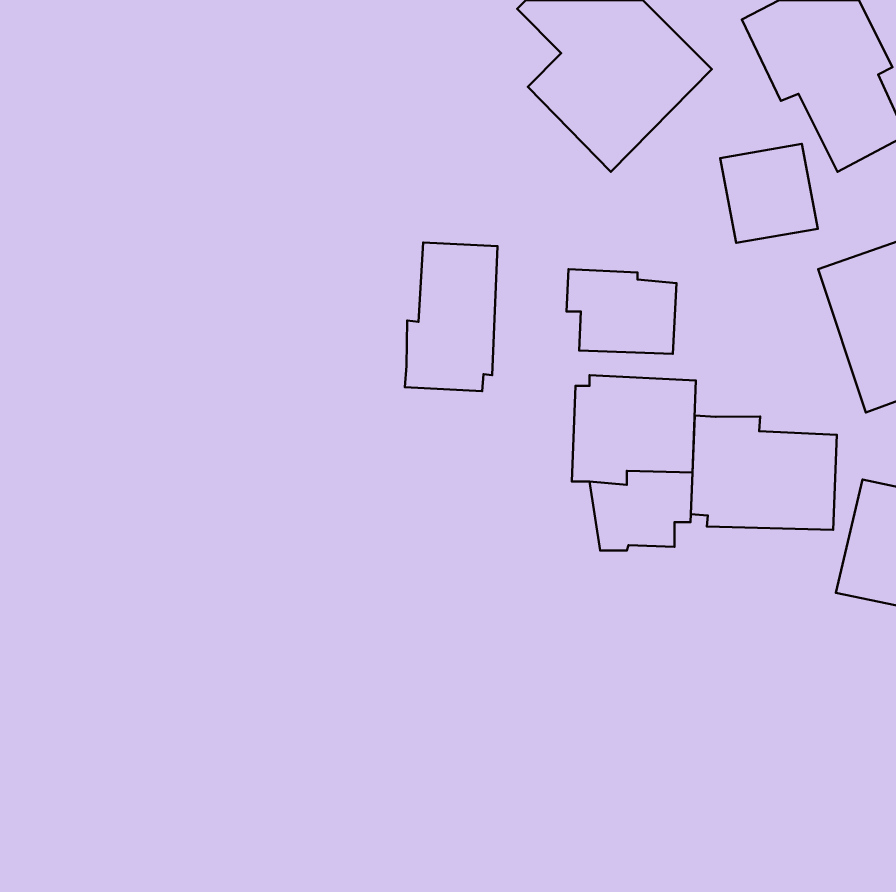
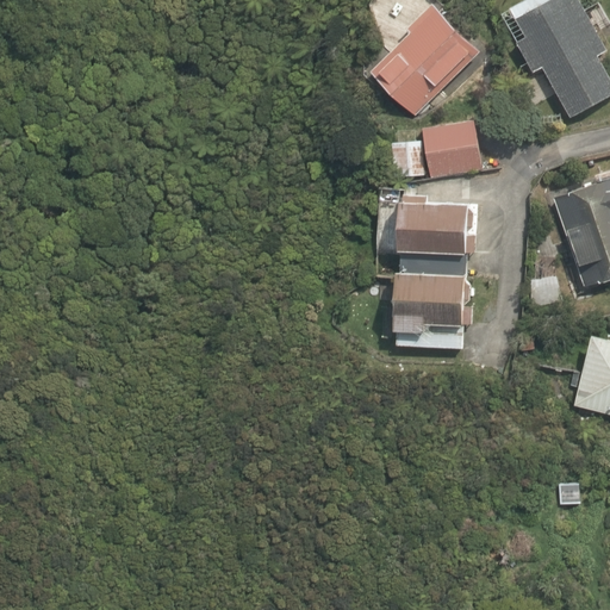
building: [720,144,818,243] -> [419,117,485,183]
building: [405,242,498,391] -> none
building: [691,415,837,530] -> none

